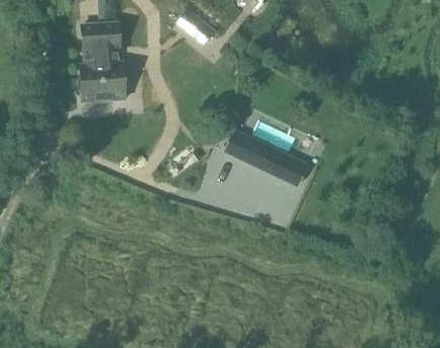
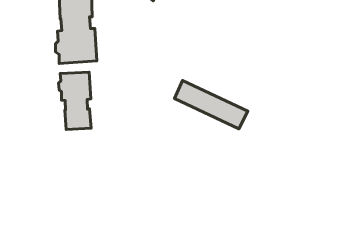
building: none -> [58,72,91,129]

